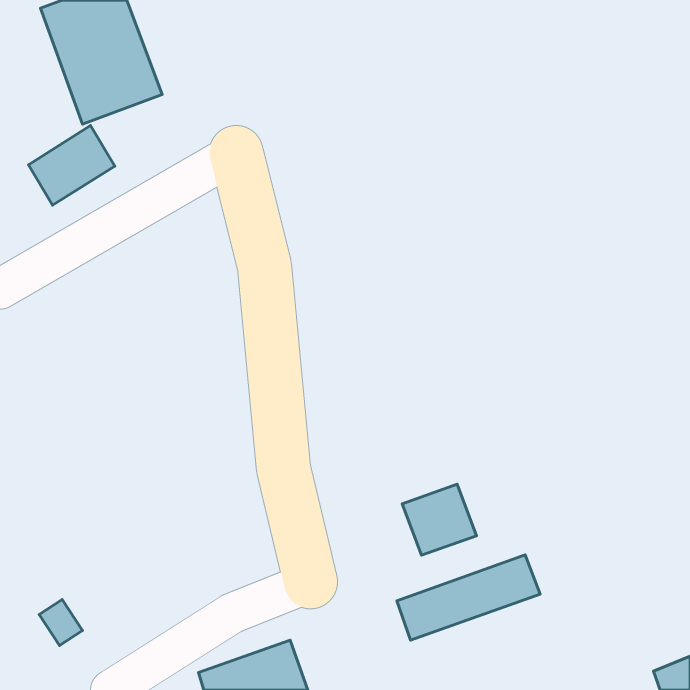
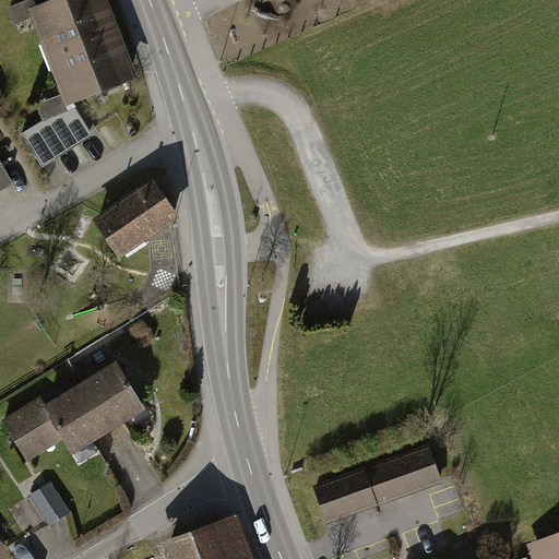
building: none -> [96,182,176,254]
building: none -> [4,364,142,456]
building: [402,484,476,555] -> none

